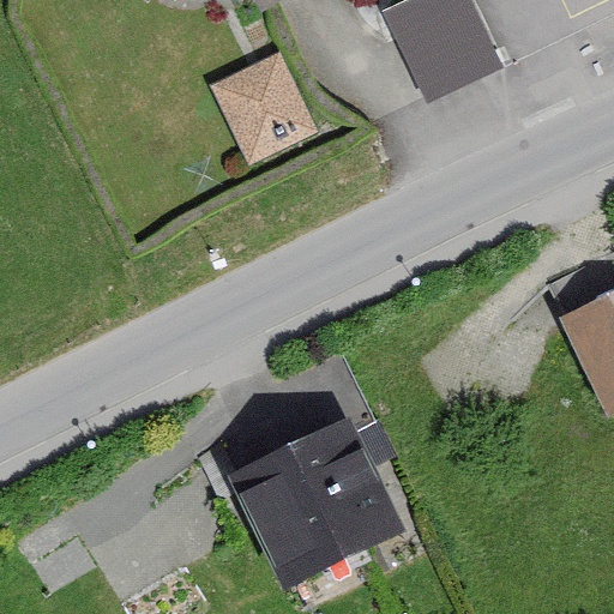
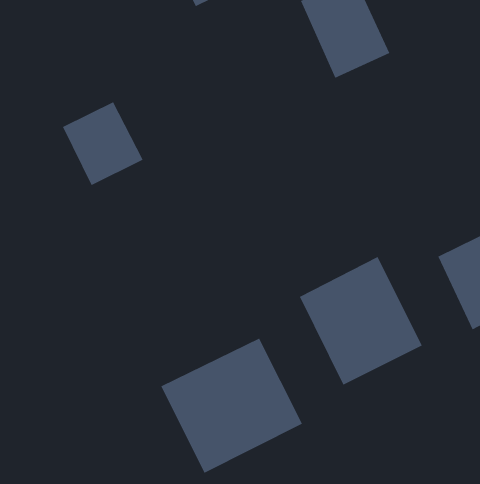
building: [218,56,319,161] -> [62,102,143,186]
building: none -> [299,256,423,385]

